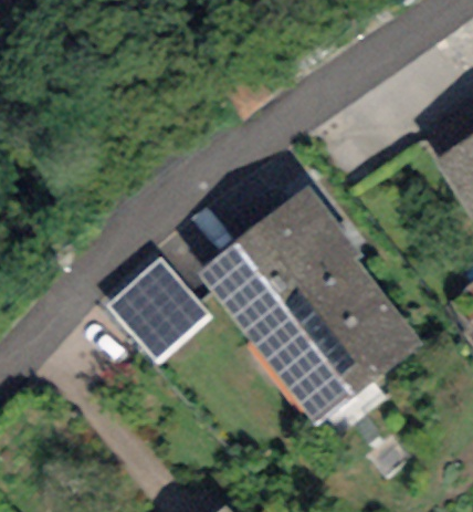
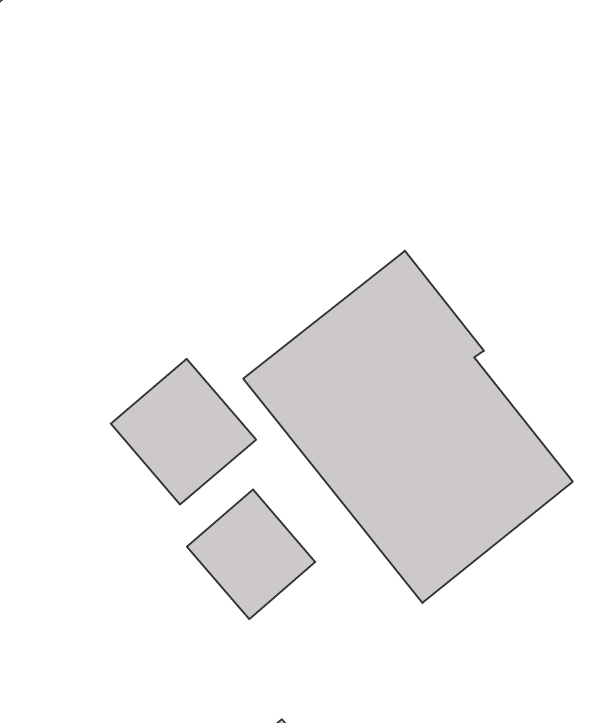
building: none -> [187,489,315,619]

